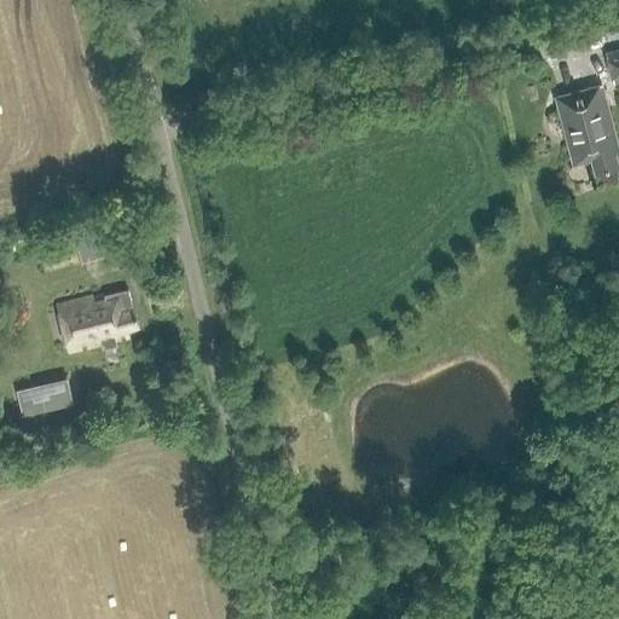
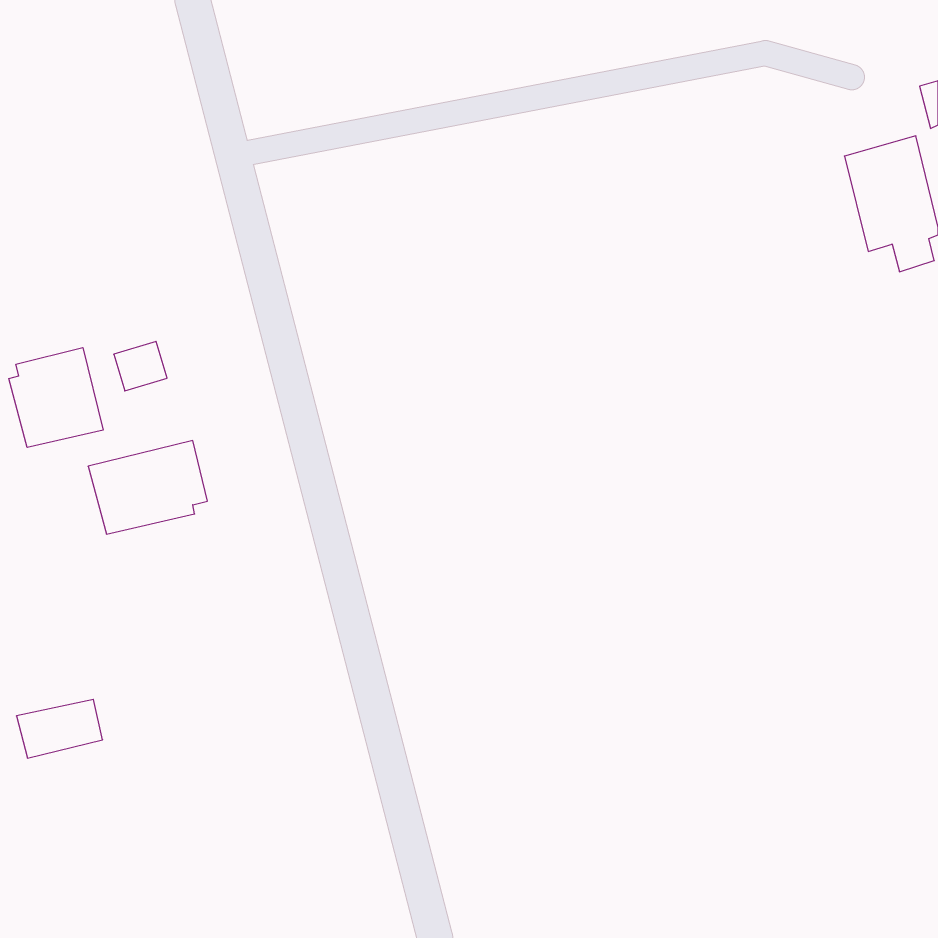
building: none -> [9,348,103,447]
building: [17,374,74,412] -> [16,699,103,758]

